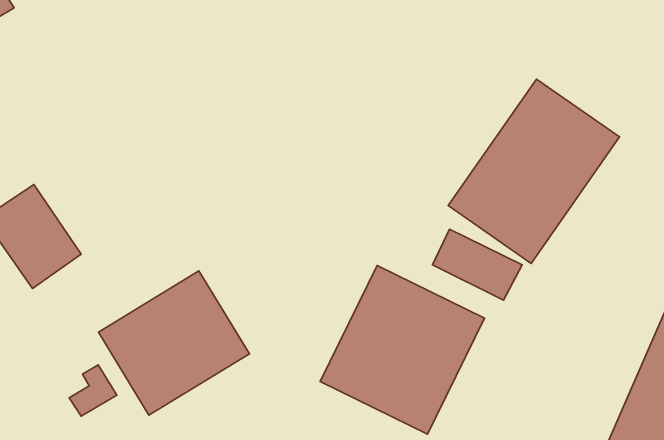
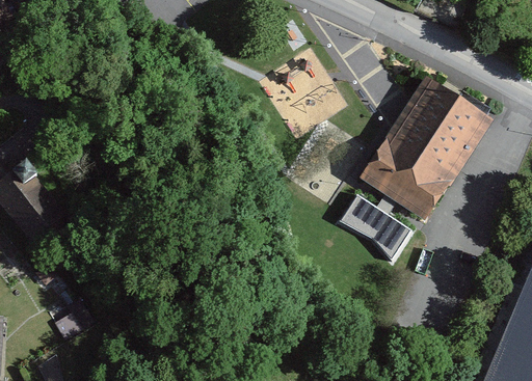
building: [320,266,484,434] -> none
building: [98,271,249,415] -> none

